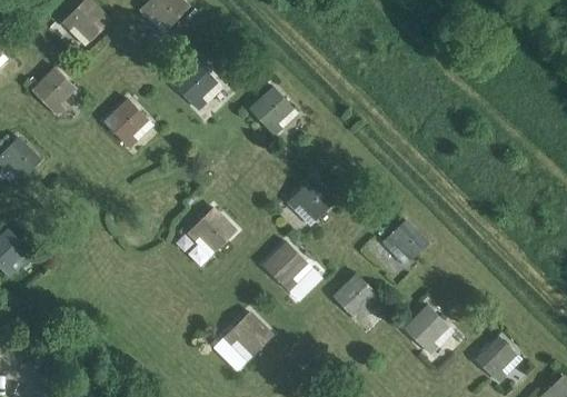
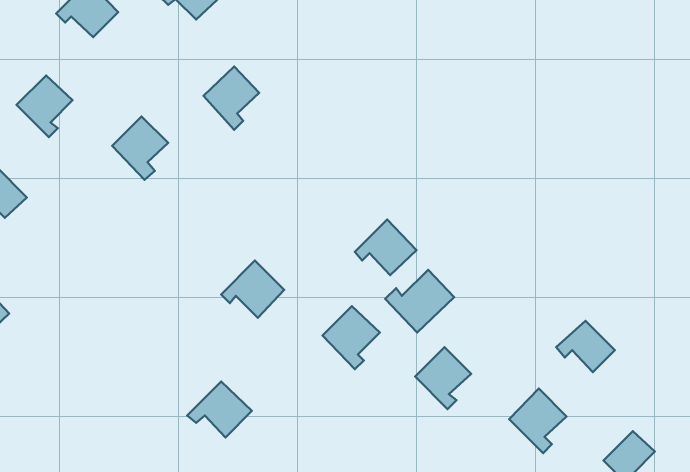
building: [249,87,292,135] -> none
building: none -> [385,270,454,332]
building: [382,221,427,260] -> [556,321,615,372]
building: [222,314,271,356] -> [187,382,252,437]

